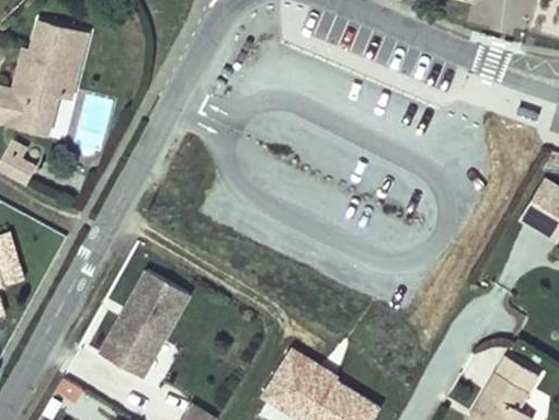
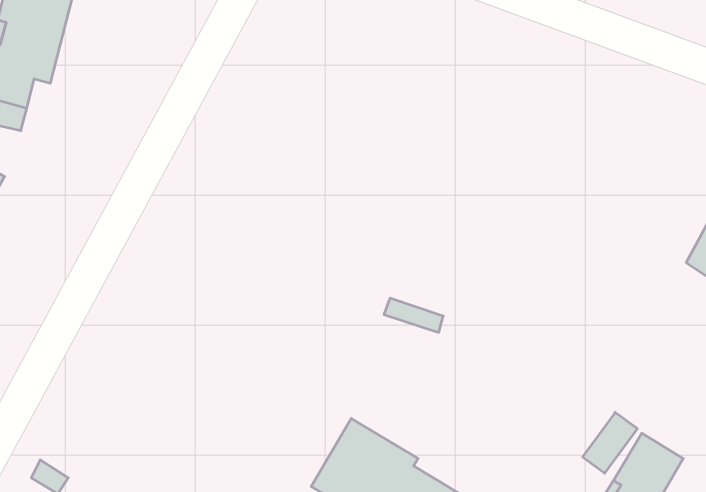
building: [101,273,189,376] -> none

